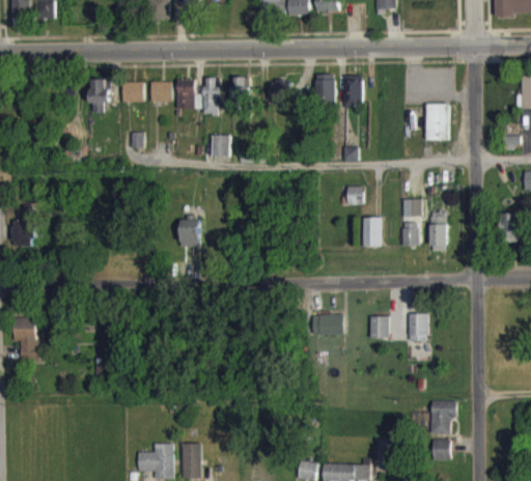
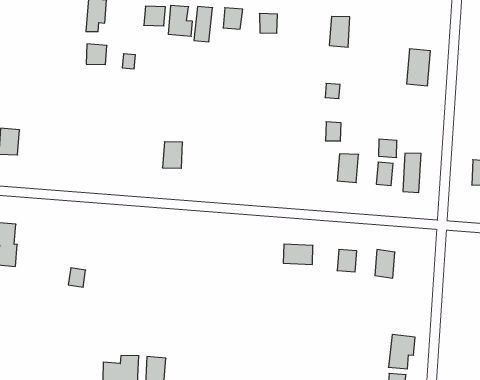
building: [314,74,335,103] -> none
building: [122,82,143,103] -> [86,44,107,65]
building: [212,135,229,157] -> none

